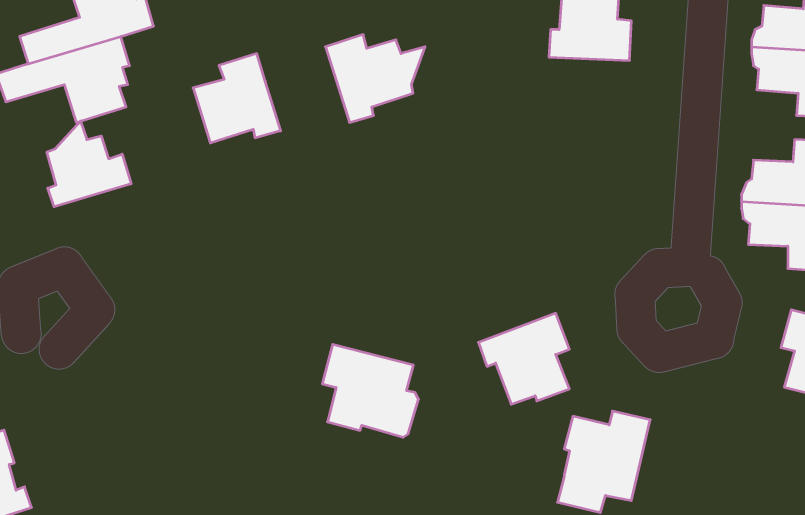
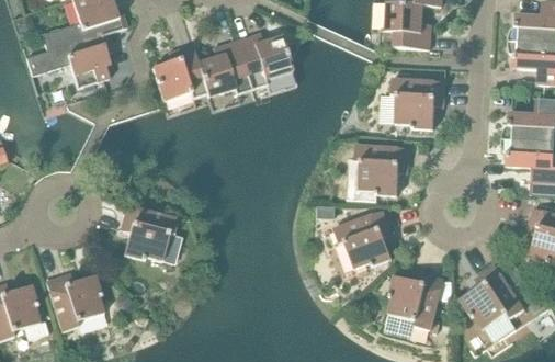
building: none -> [199,39,252,97]
building: none -> [392,77,446,128]
building: [47,121,131,207] -> none
building: none -> [355,144,409,195]
building: [322,344,419,437] -> [121,204,182,263]
building: none -> [461,264,525,329]
building: none -> [46,272,104,331]

